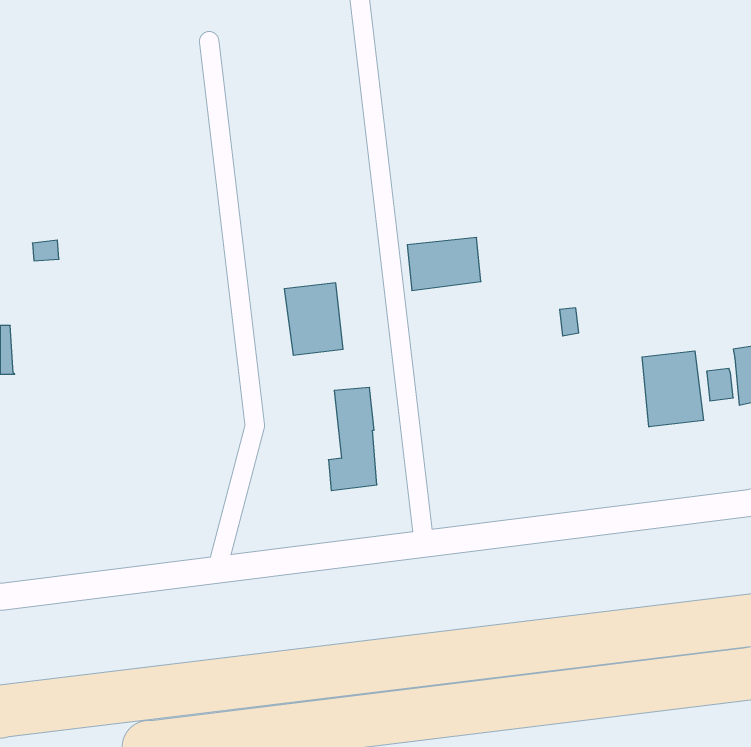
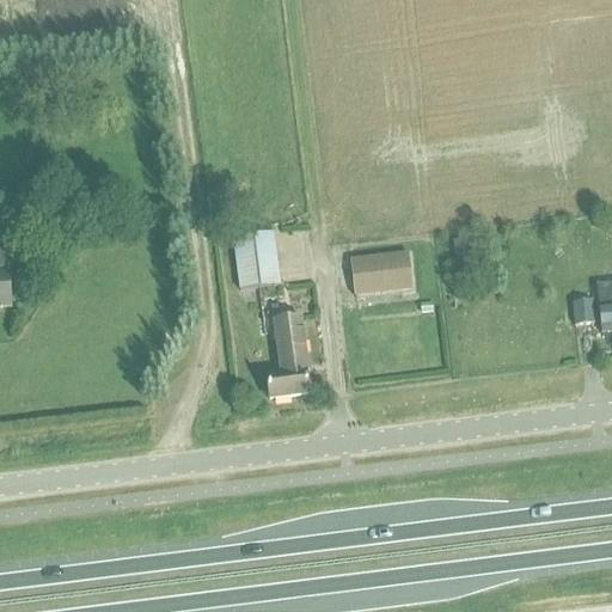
building: [407,237,481,290] -> [351,250,411,293]
building: [642,351,703,427] -> none

